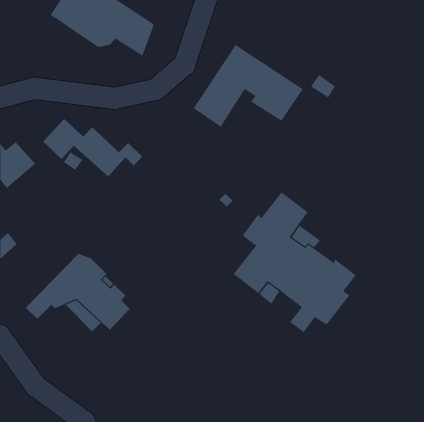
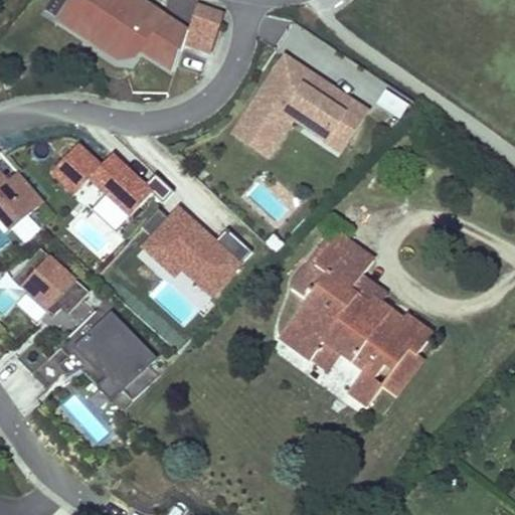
building: none -> [184,4,220,46]
building: none -> [136,204,252,300]
building: none -> [12,246,87,313]

